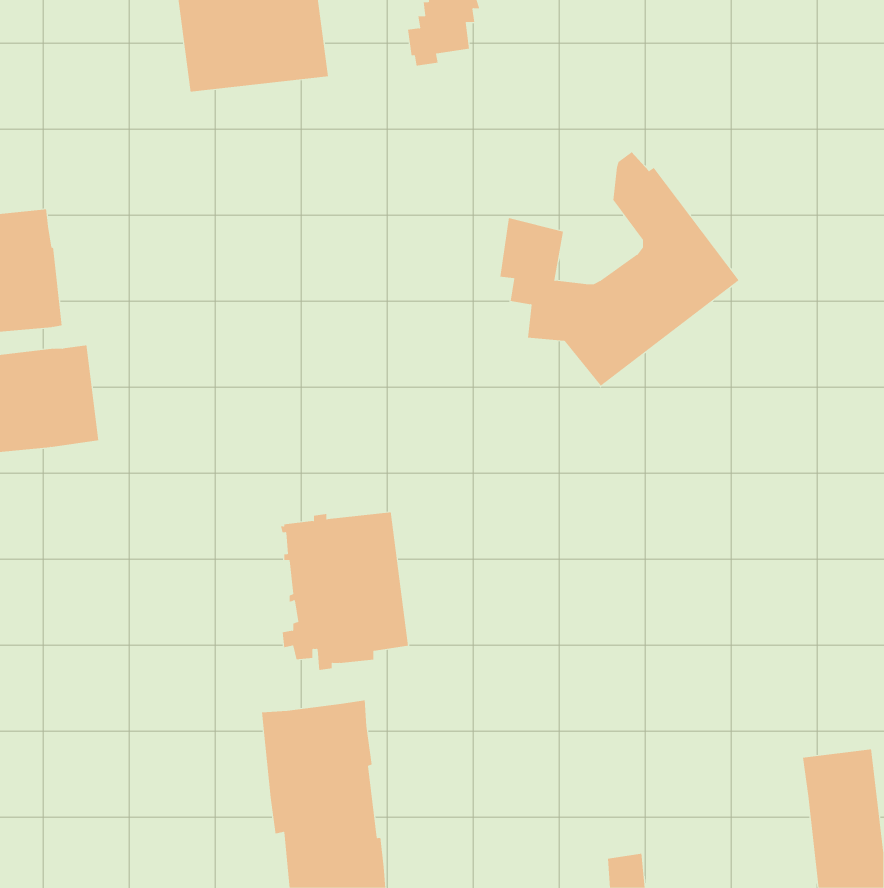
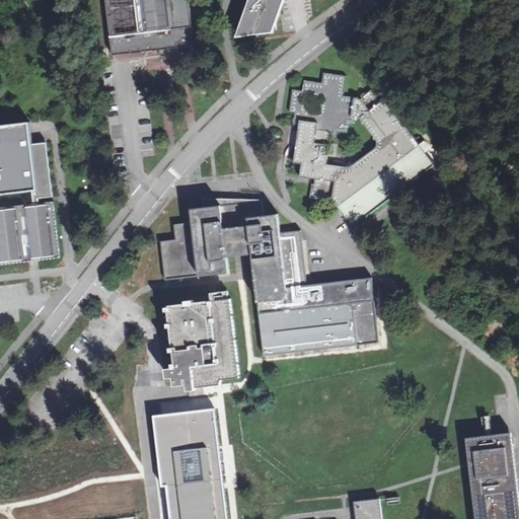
building: none -> [287,71,359,136]
building: none -> [30,142,50,203]
building: none -> [153,199,379,358]

